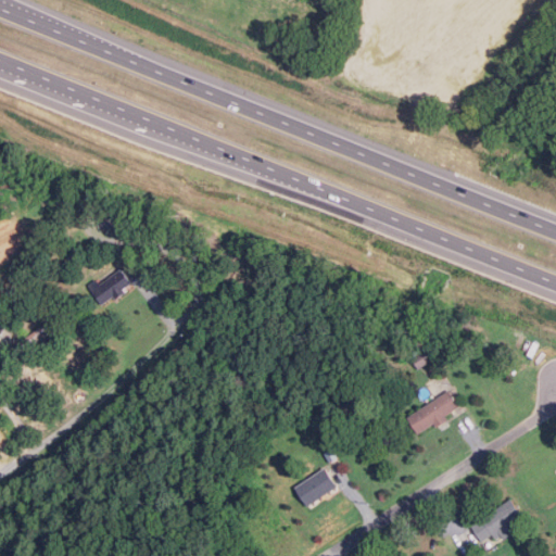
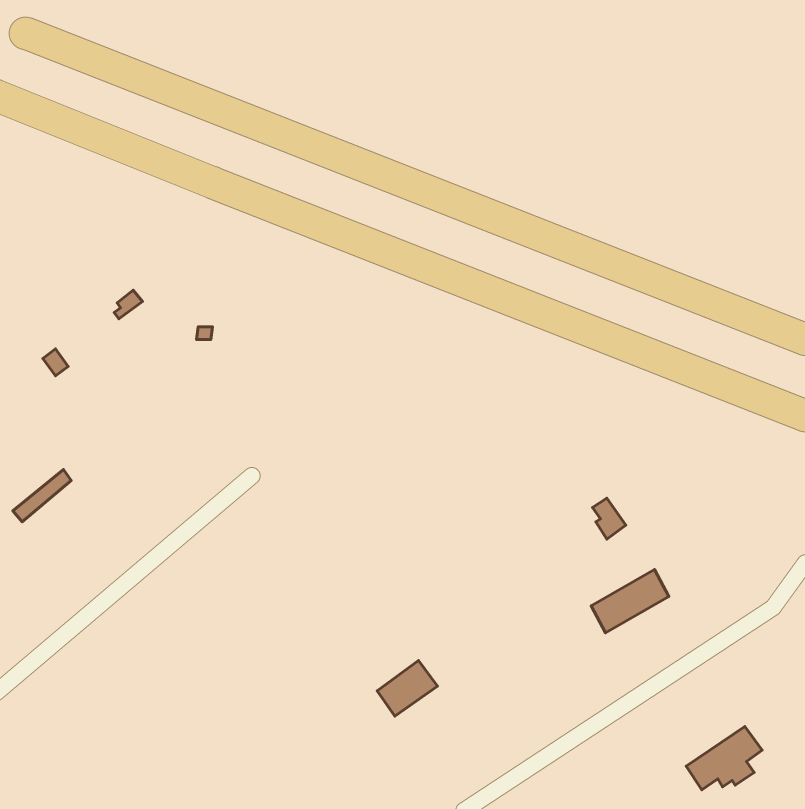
building: [89,269,130,307] -> none
building: [294,468,336,506] -> [377,661,438,716]

